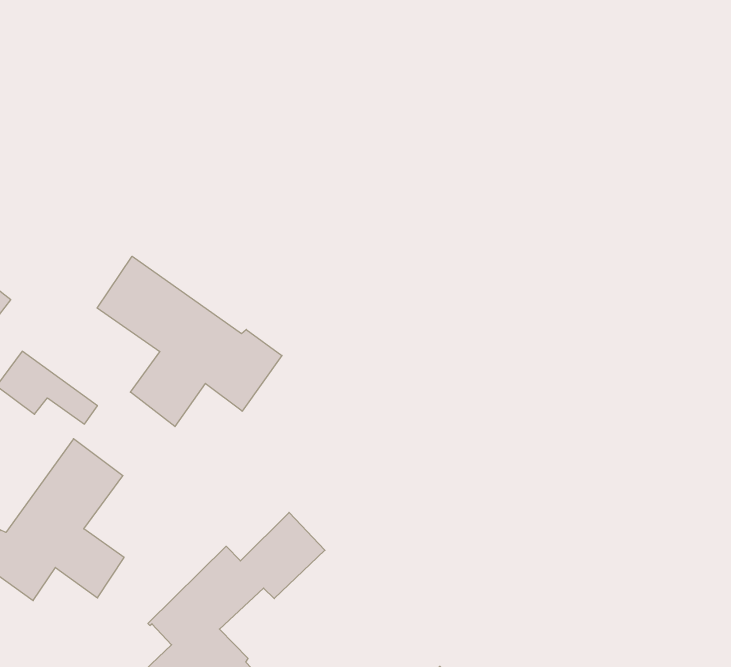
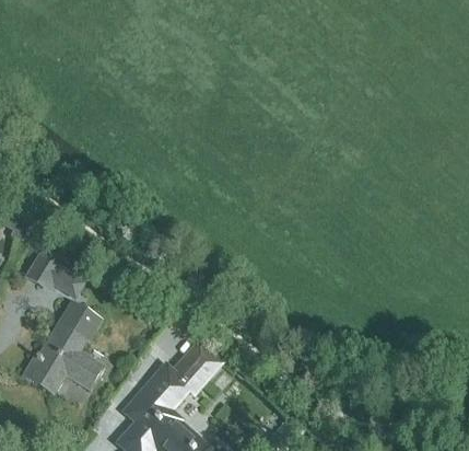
building: [97,256,282,427] -> none

